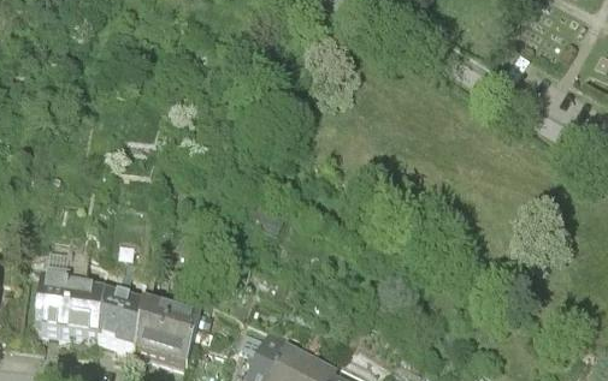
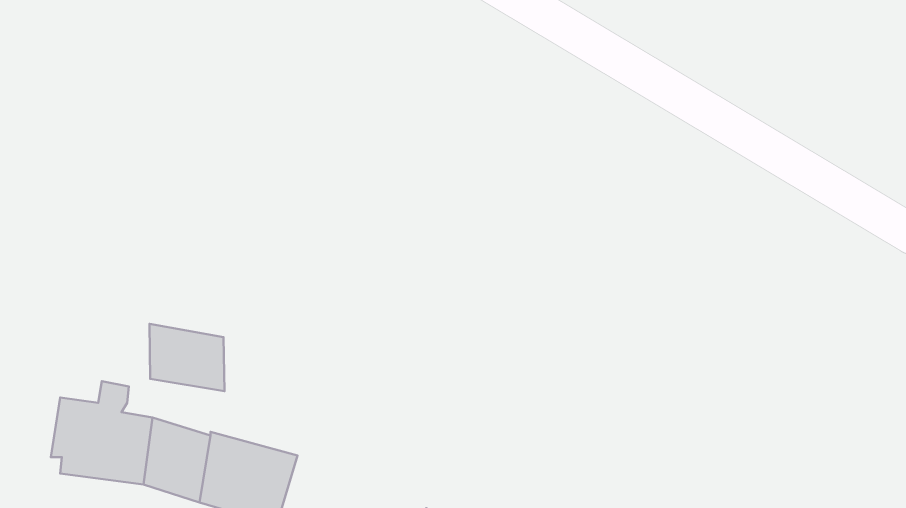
building: none -> [150,324,225,391]

